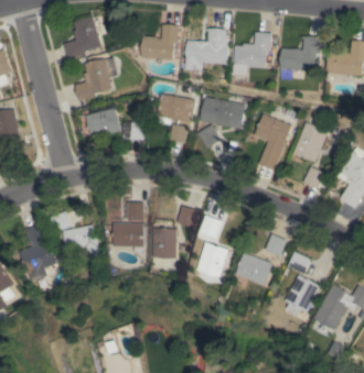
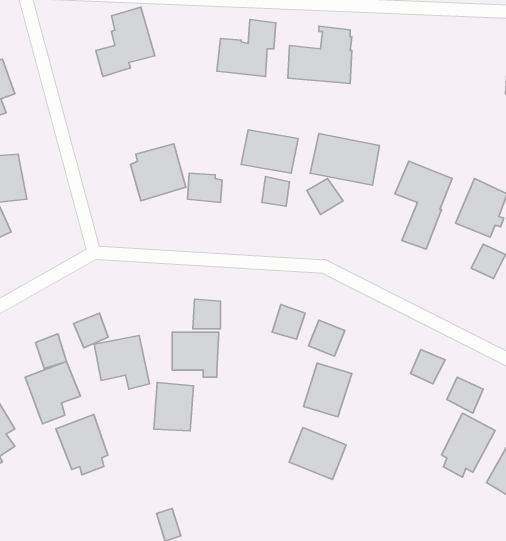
building: [233,32,271,76] -> none
building: [280,36,321,79] -> none
building: [76,57,118,100] -> none
building: [151,227,176,257] -> [154,382,194,431]
building: [235,252,271,285] -> [289,428,346,479]
building: none -> [56,415,108,475]

